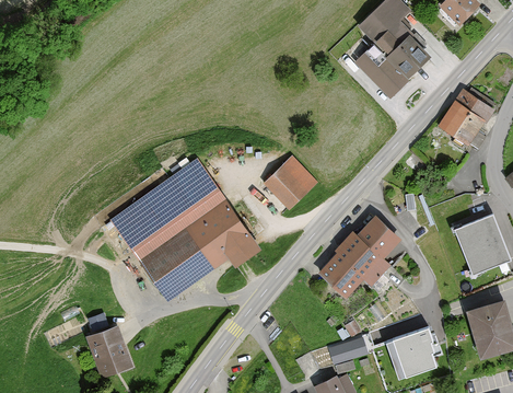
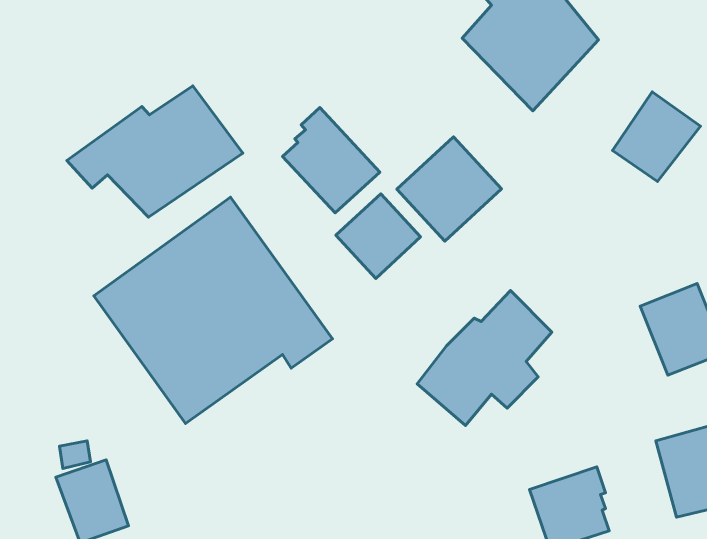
building: none -> [67,86,243,217]
building: none -> [283,107,380,213]
building: none -> [397,137,502,241]
building: [328,334,369,362] -> none

